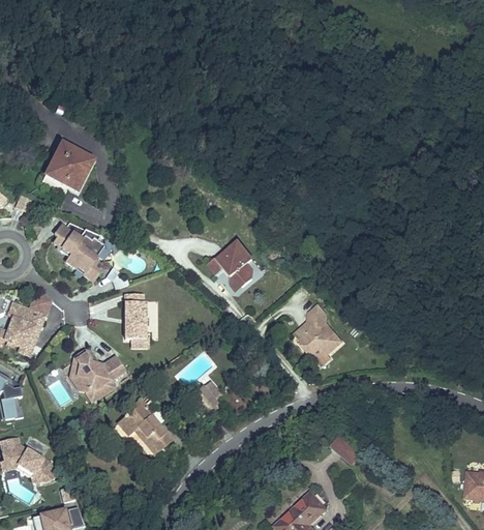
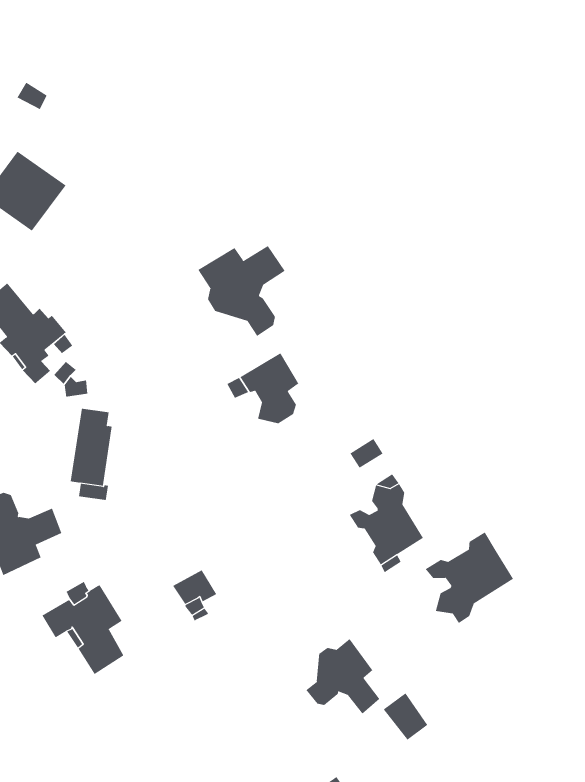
building: none -> [197,245,286,337]
building: none -> [425,531,514,624]
building: none -> [305,638,380,714]

